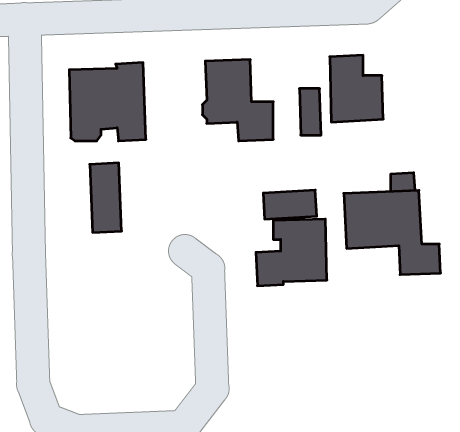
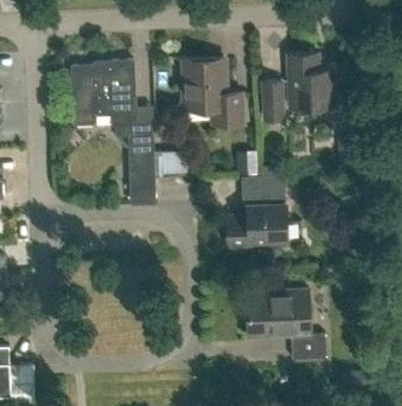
building: [90,163,122,232] -> [128,132,155,190]
building: [344,190,441,275] -> [245,289,326,359]

